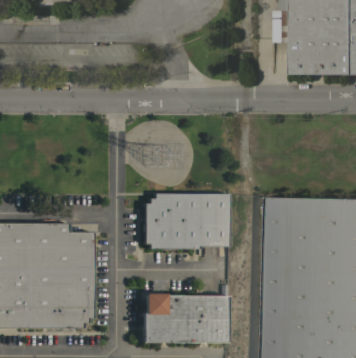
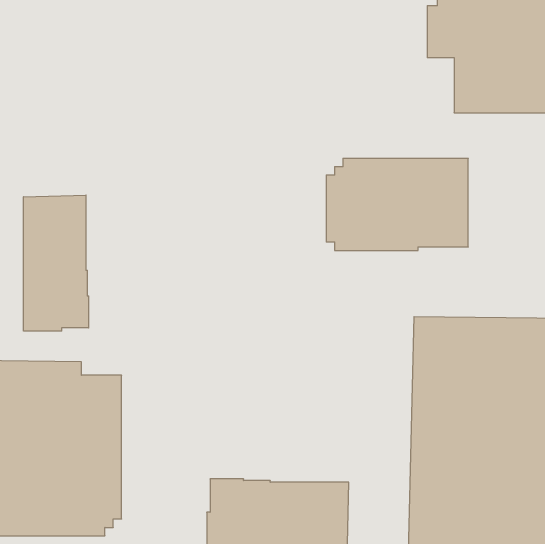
building: none -> [24,195,89,331]
building: [144,194,229,249] -> [326,158,468,250]

